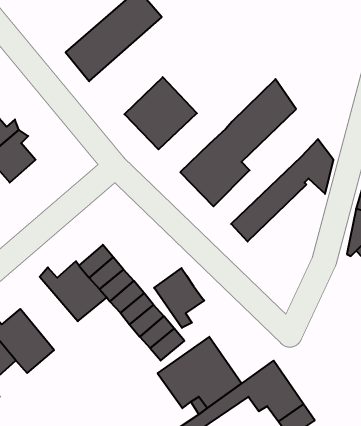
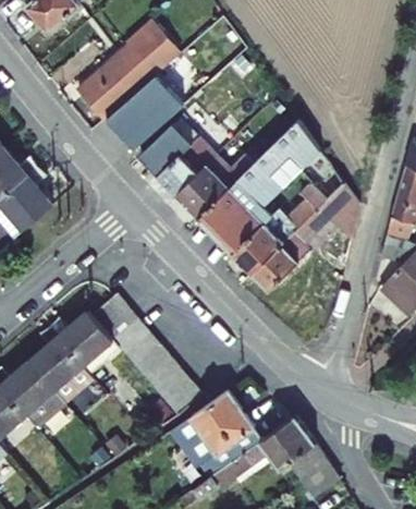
building: none -> [105,83,176,146]
building: none -> [174,153,252,215]
building: none -> [232,180,325,269]
building: [154,268,204,328] -> none
building: none -> [28,325,94,402]

